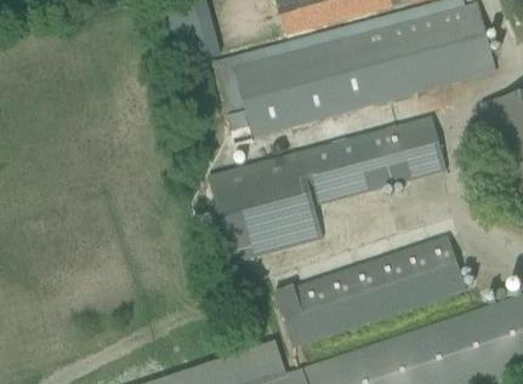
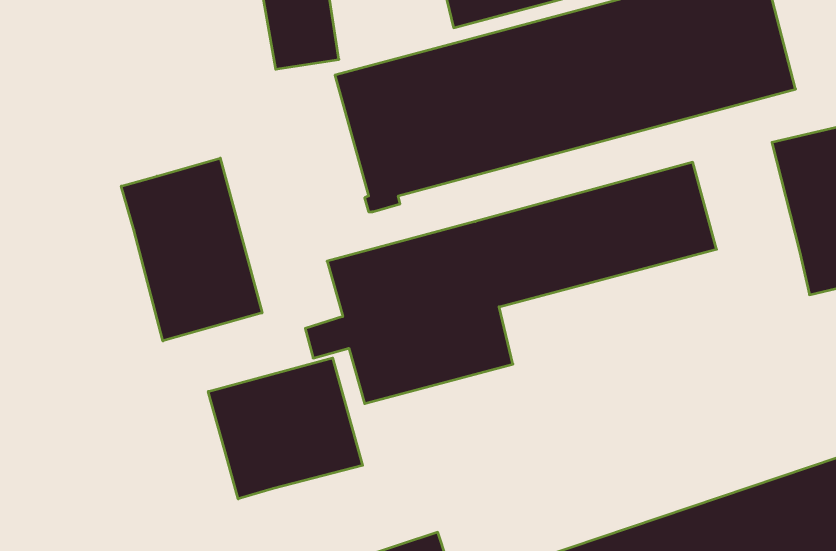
building: none -> [121,158,262,341]
building: none -> [208,358,363,499]
building: [274,236,474,346] -> none

